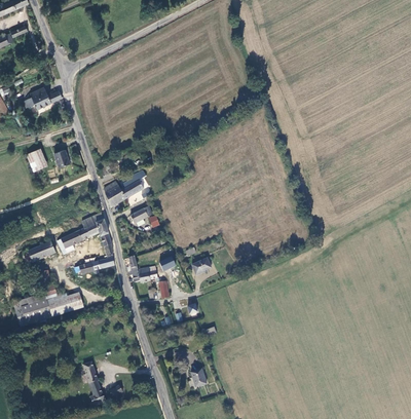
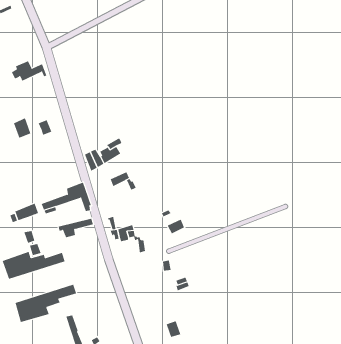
building: none -> [15,284,77,323]

